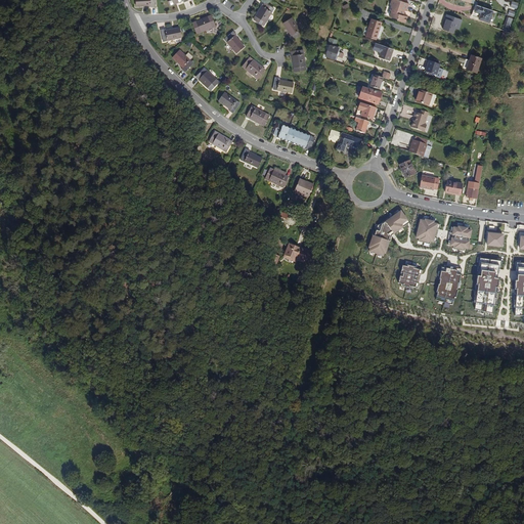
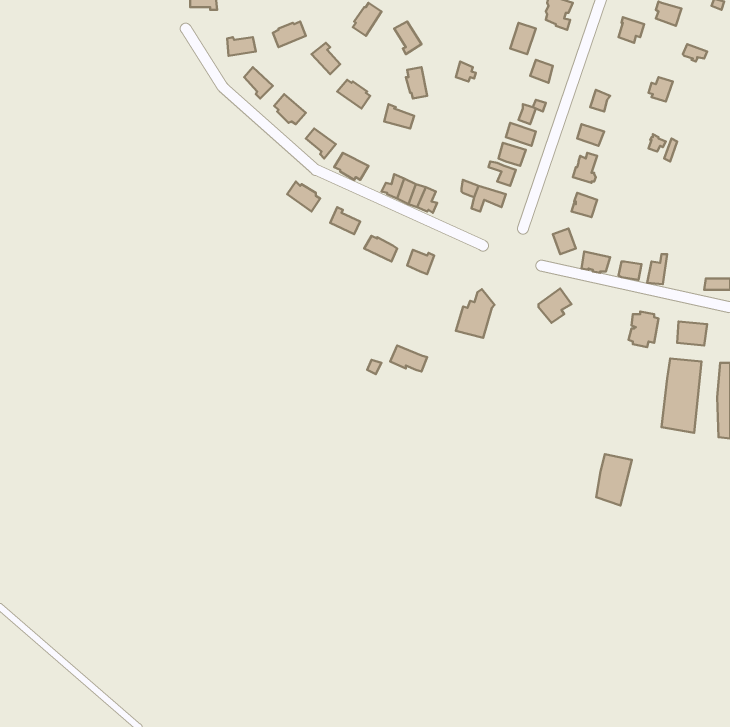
building: [417,216,438,242] -> none
building: [367,220,395,255] -> [456,289,495,338]
building: [398,262,422,286] -> none
building: [438,262,464,299] -> [596,454,632,506]

